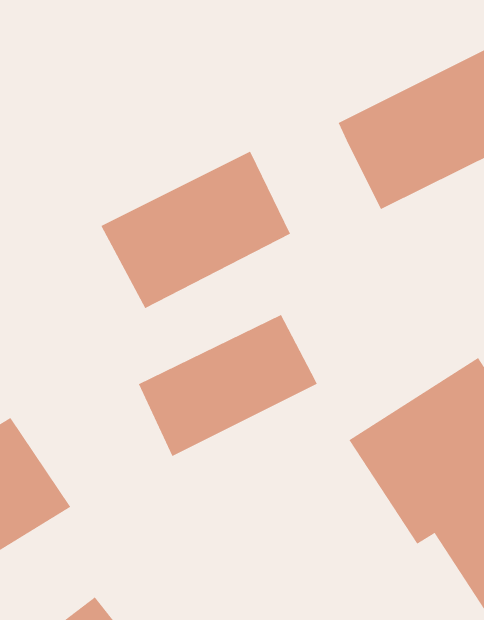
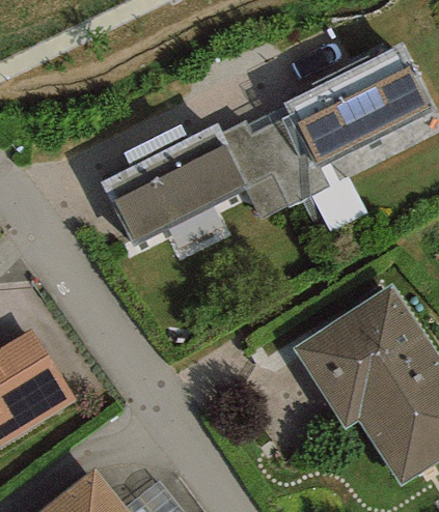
building: none -> [220,116,329,219]
building: [138,314,318,457] -> none

